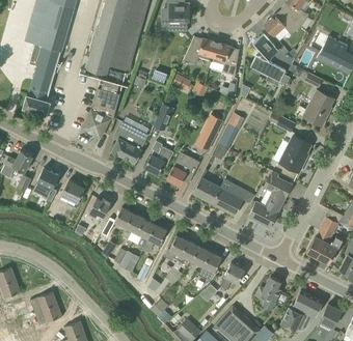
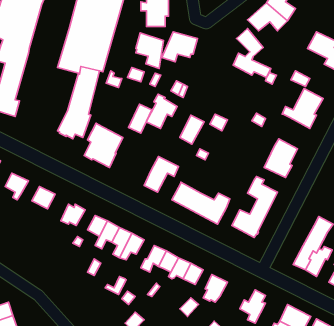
building: [213,42,239,76] -> [136,33,164,68]
building: [144,142,173,174] -> [146,94,177,129]

